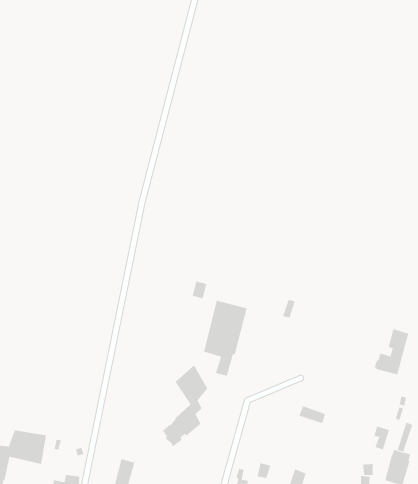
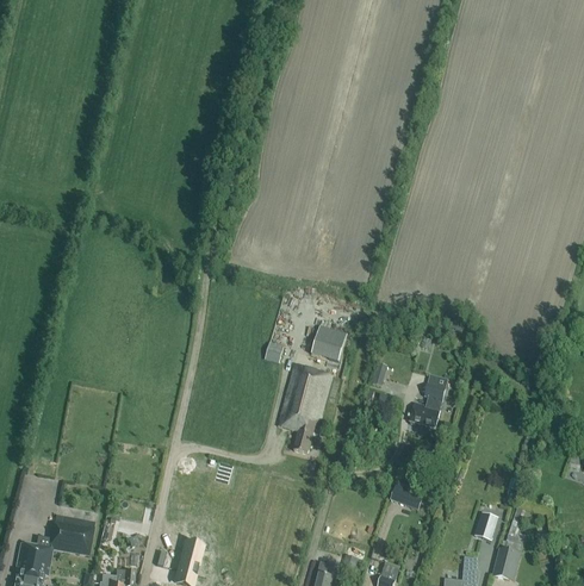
building: none -> [311,323,347,360]
building: [374,328,409,375] -> [408,373,449,428]
building: [162,365,208,447] -> none

